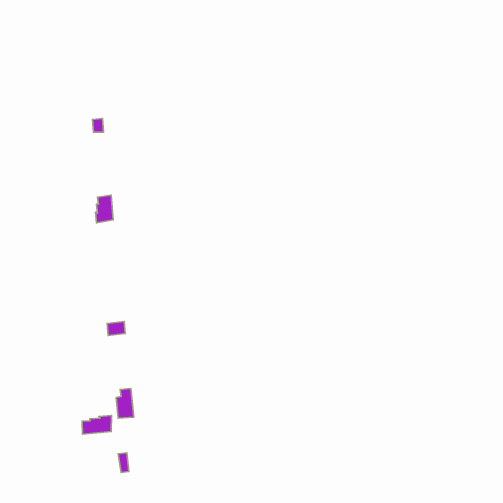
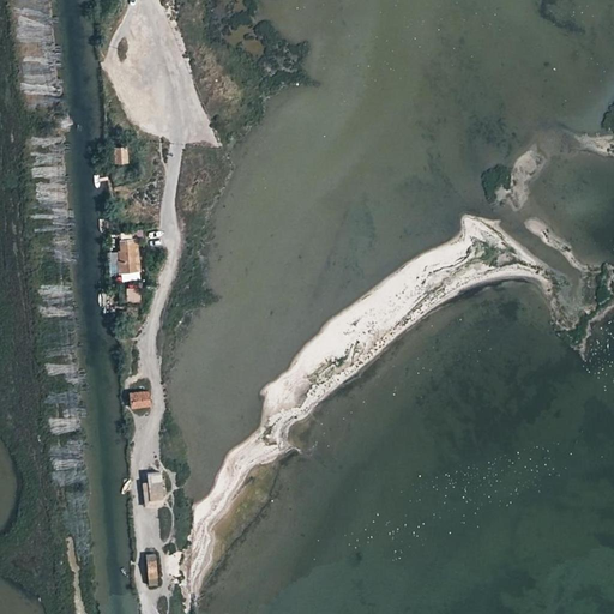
building: [82,415,111,434] -> none

